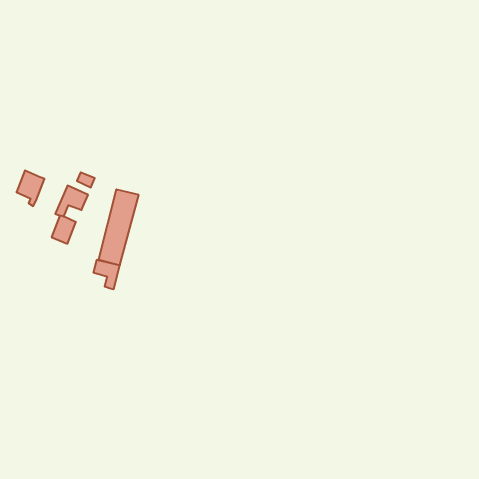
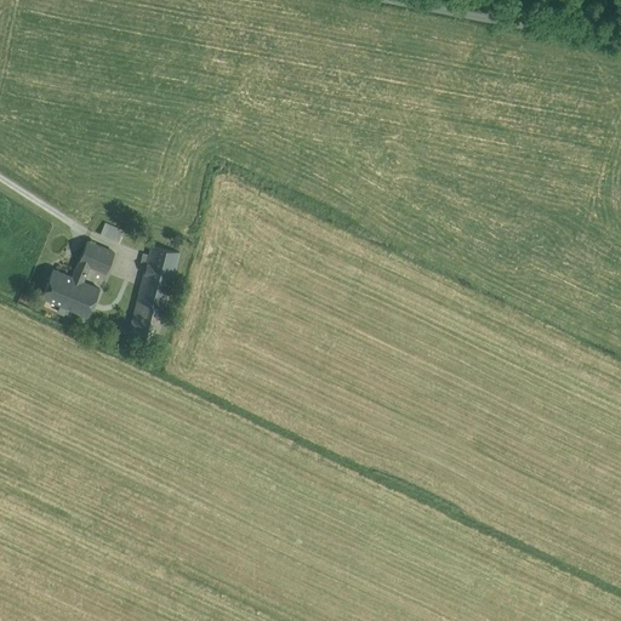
building: [16,170,45,206] -> [41,268,78,314]
building: [94,260,120,289] -> none

